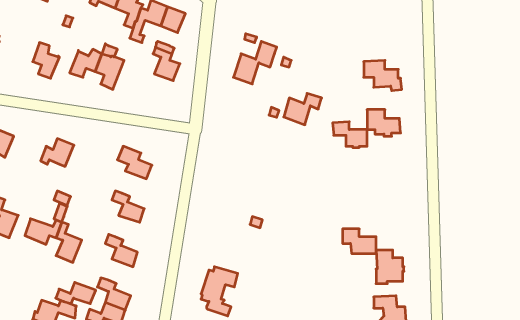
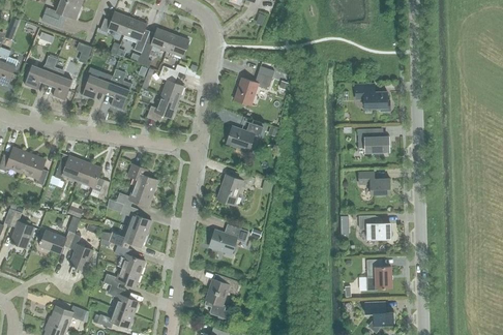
building: none -> [25,55,57,89]
building: none -> [147,95,178,121]
building: [284,93,322,125] -> [228,122,263,151]
building: [333,122,367,147] -> [358,171,390,194]
building: none -> [22,153,48,184]
building: none -> [78,161,110,200]
building: none -> [215,172,254,206]
building: none -> [117,185,153,206]
building: none -> [210,225,248,254]
building: none -> [110,226,147,246]
building: [343,229,376,253] -> [359,215,390,238]
building: [56,282,96,304] -> [103,267,141,286]

